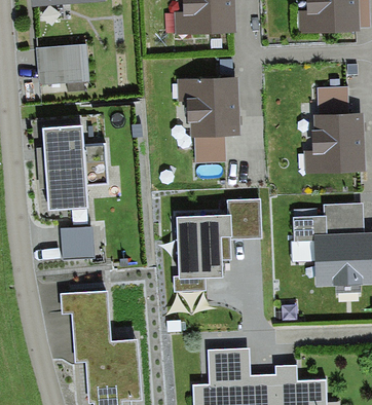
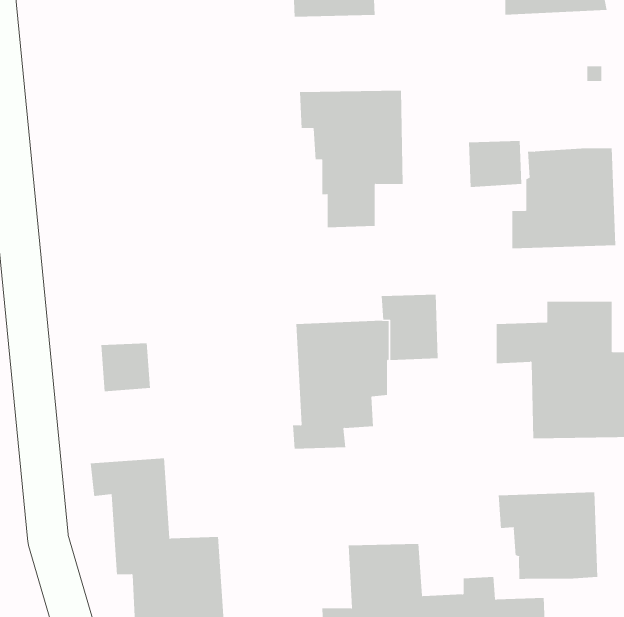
building: [35,44,88,85] -> none
building: [315,87,347,115] -> [468,140,522,188]
building: [46,124,105,211] -> none
building: none -> [498,491,598,580]

